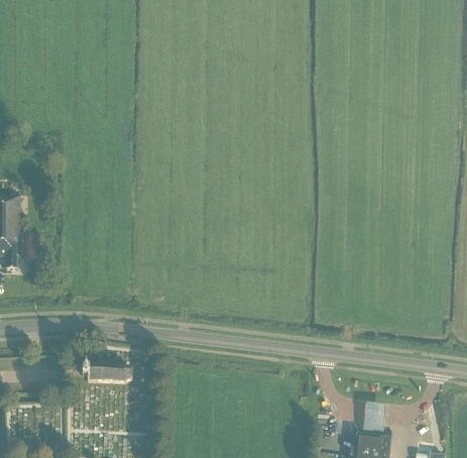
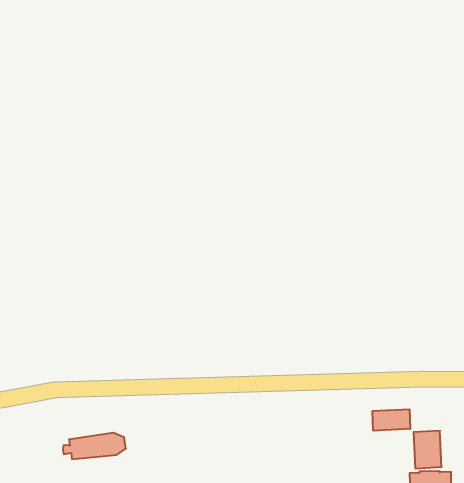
building: none -> [373,409,410,431]

